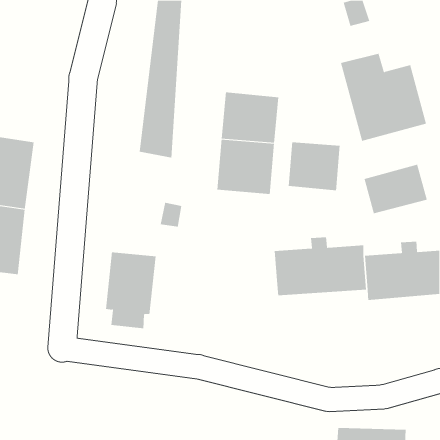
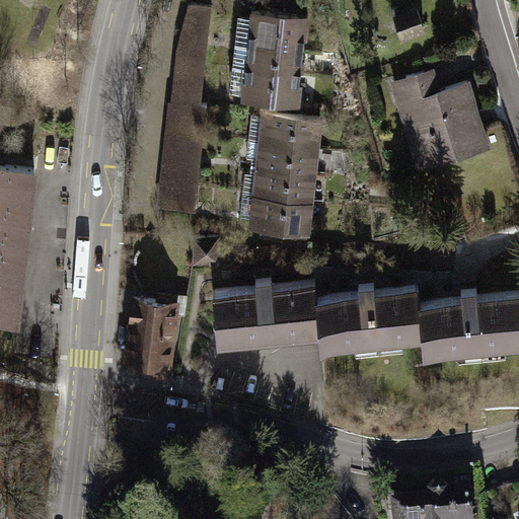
building: none -> [239,18,307,109]
building: [288,142,340,191] -> none
building: [364,164,427,214] -> none
building: none -> [211,280,317,348]

